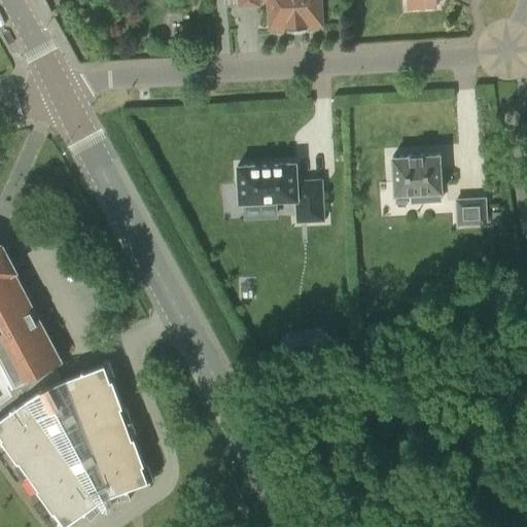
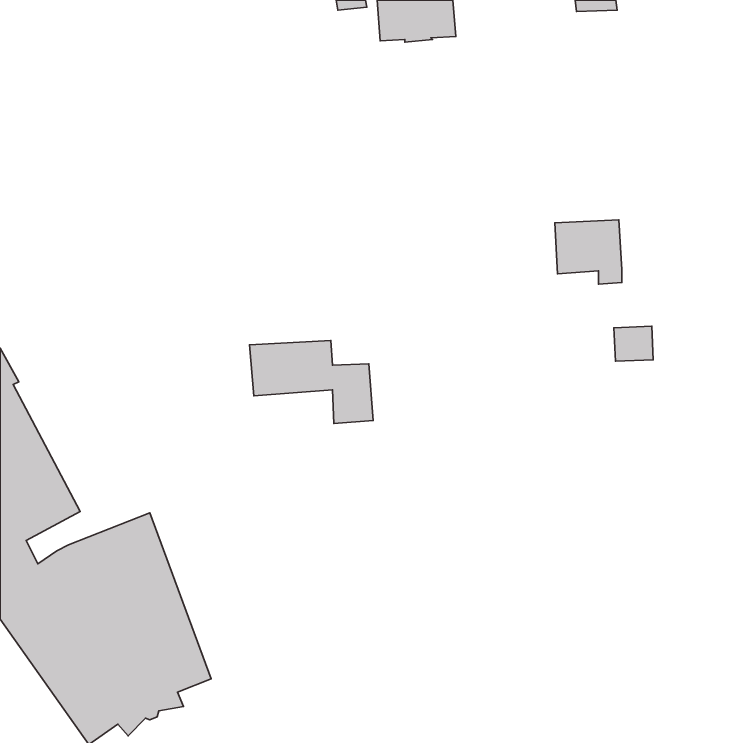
building: [239,166,326,224] -> [249,340,373,423]
building: [456,200,484,224] -> [614,326,653,361]

